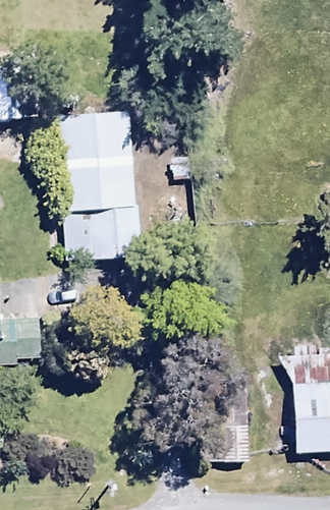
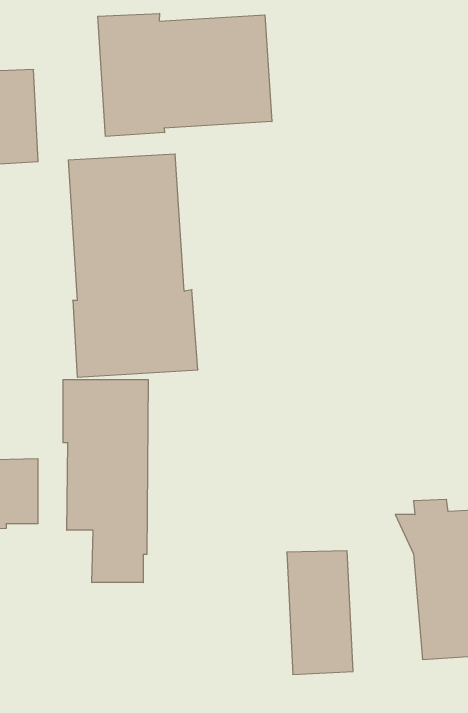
building: none -> [98,13,272,136]
building: none -> [63,380,148,583]

